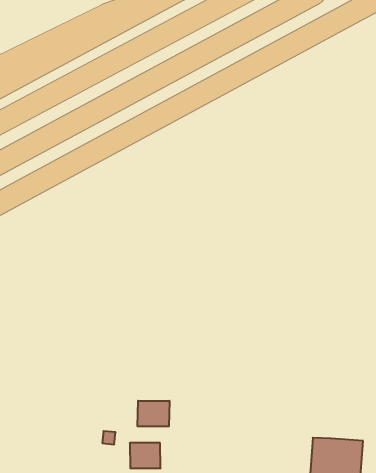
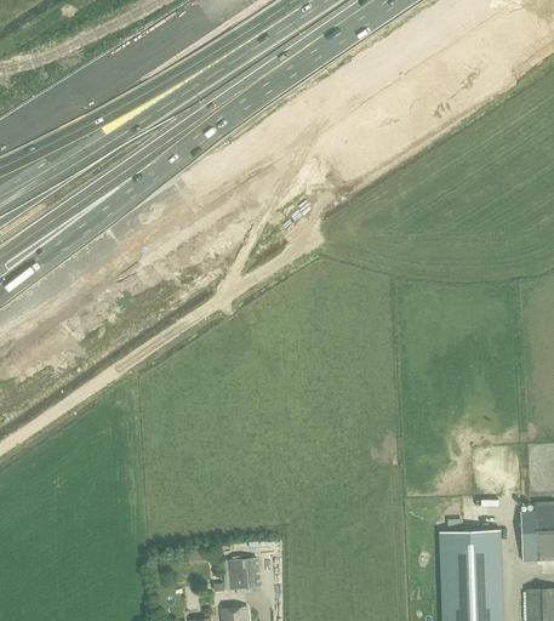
building: [138,401,169,426] -> none

